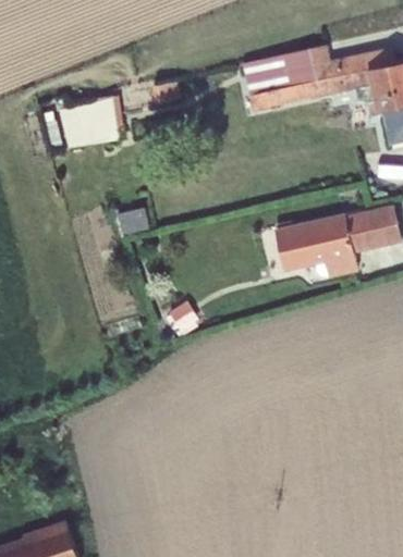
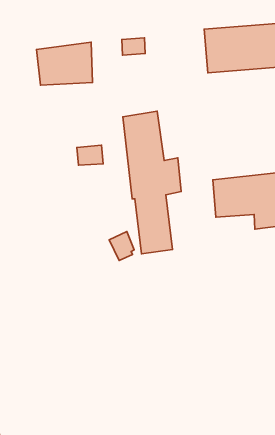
building: none -> [123,111,181,254]

